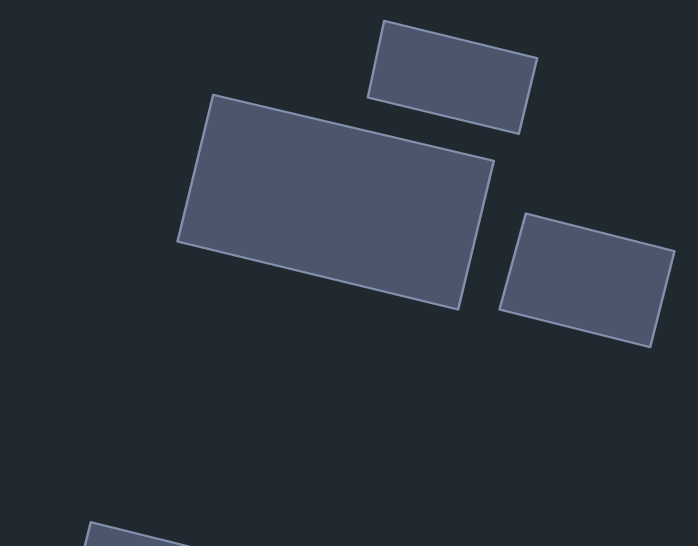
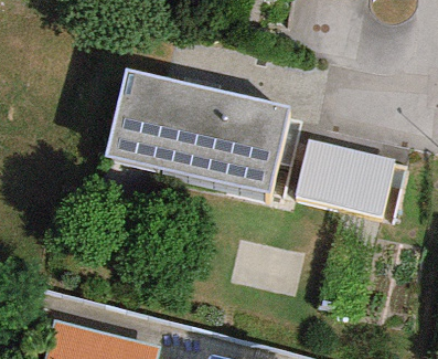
building: [368,21,537,134] -> none

